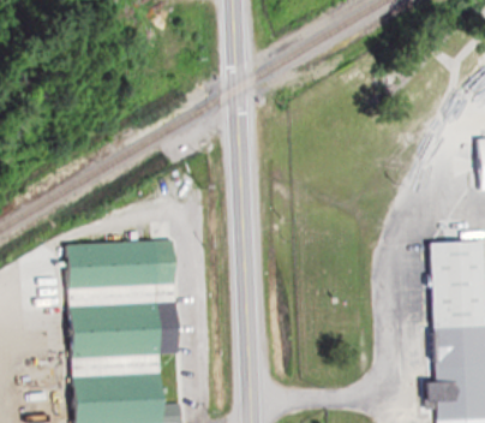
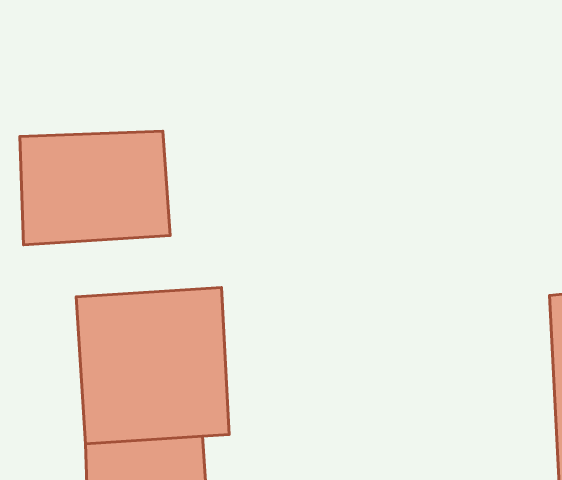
building: none -> [20,131,170,245]

